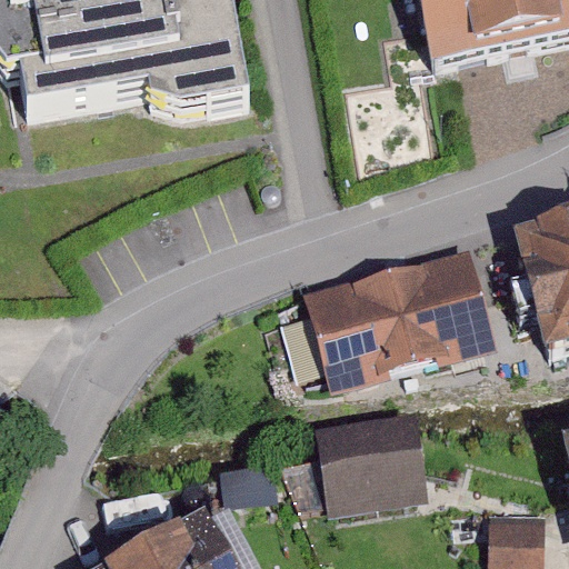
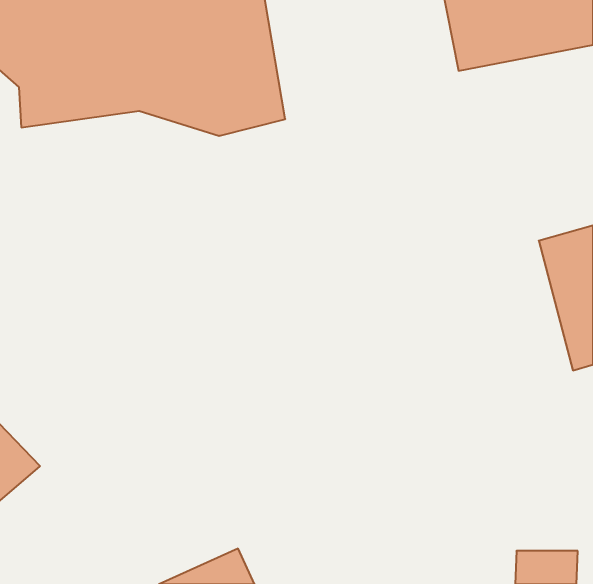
building: [298,244,490,387] -> none
building: [319,425,432,521] -> none

